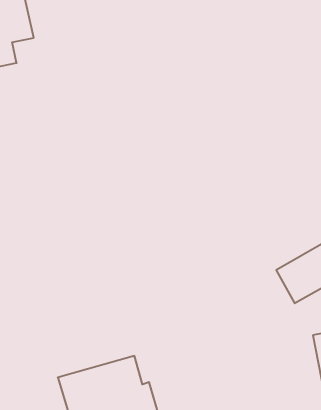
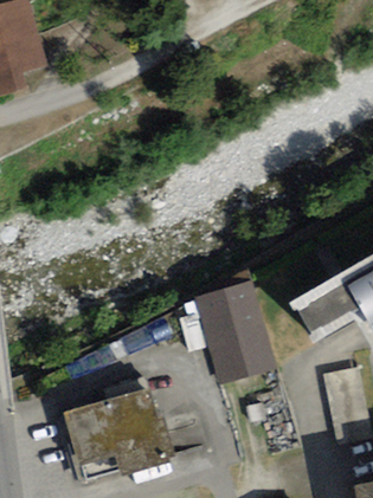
building: none -> [197,283,274,382]

